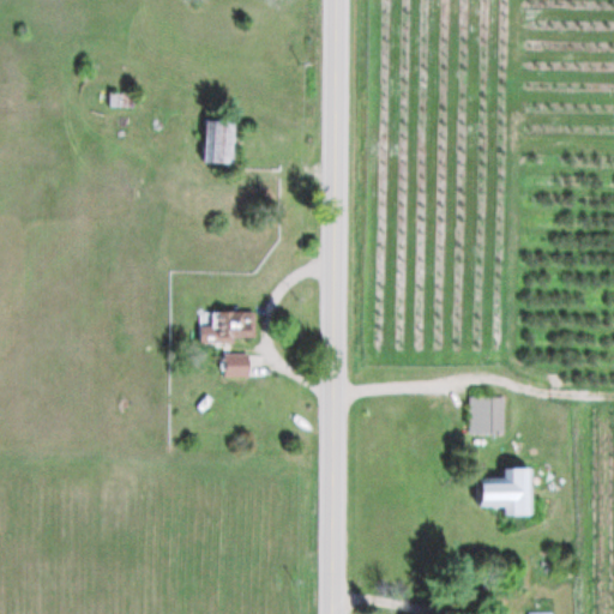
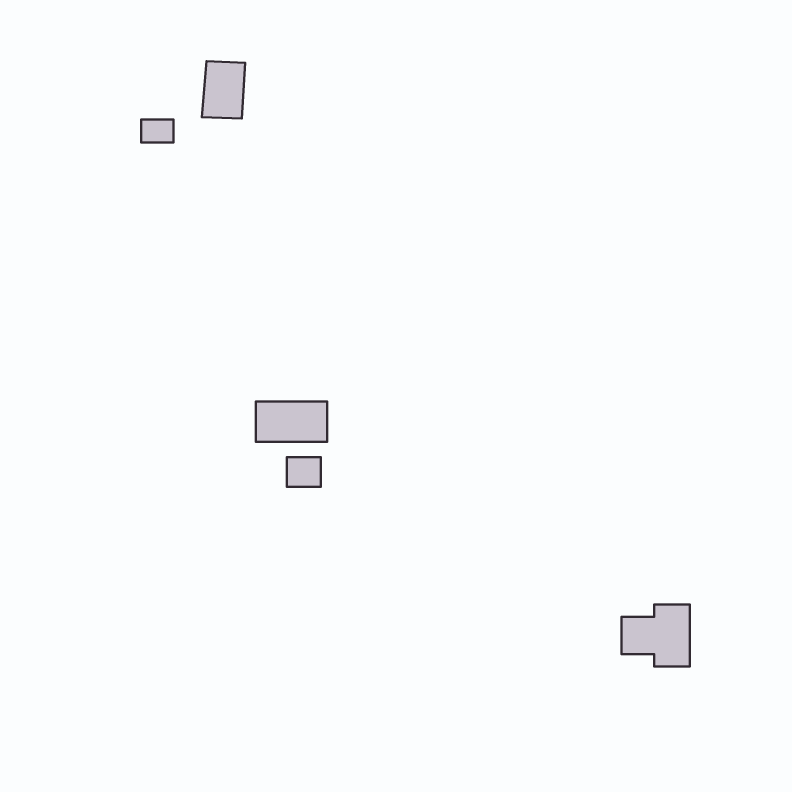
building: [203,120,236,164] -> [202,61,245,119]
building: [468,396,504,434] -> none

